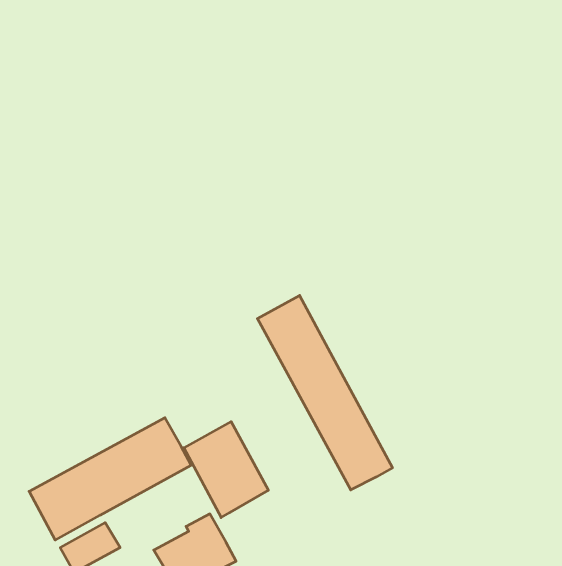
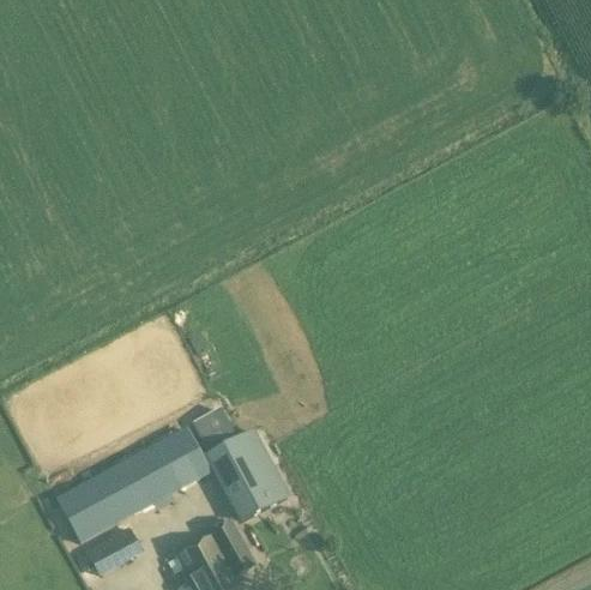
building: [257,295,392,490] -> none
building: none -> [192,404,237,451]

